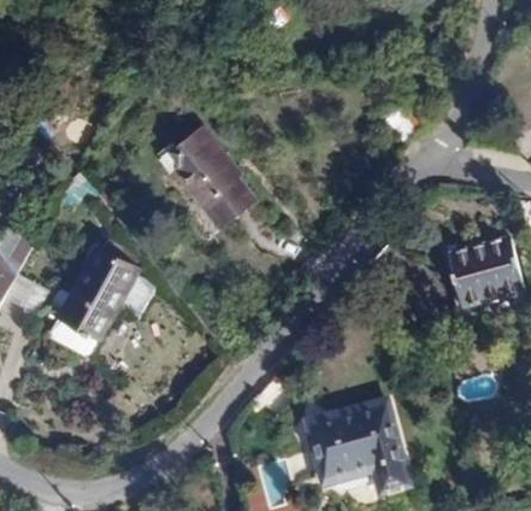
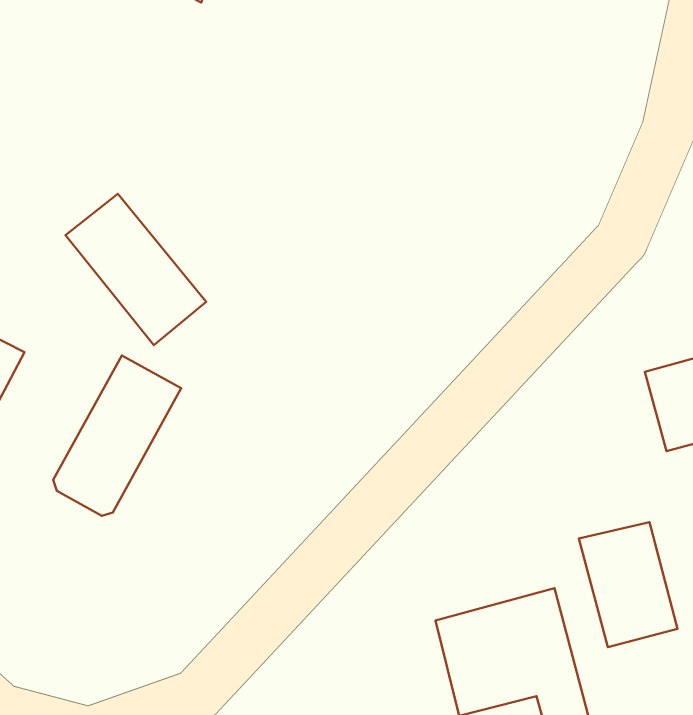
building: [163,128,256,229] -> [66,194,206,345]
building: none -> [579,522,678,647]

